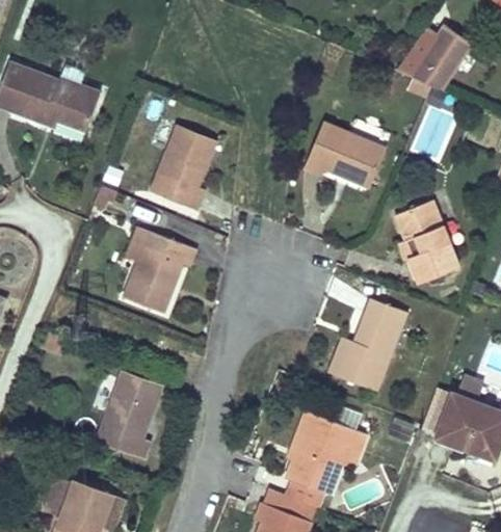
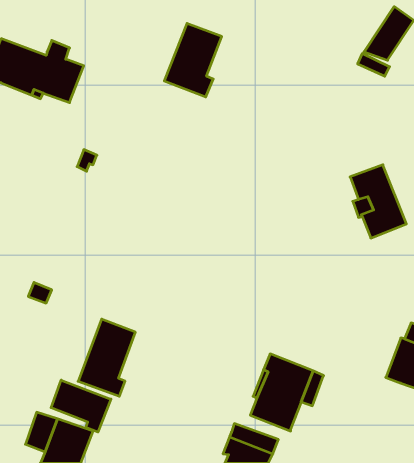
building: [308,123,386,186] -> none
building: [153,128,216,209] -> [164,23,222,97]
building: [126,232,197,314] -> none
building: [327,298,405,390] -> none
building: none -> [51,380,111,432]

